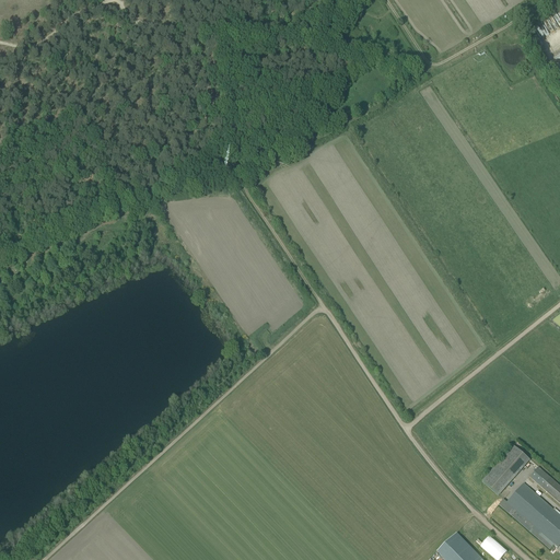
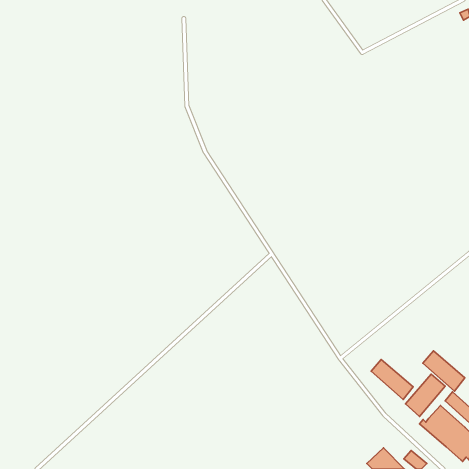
building: none -> [423,351,465,391]
building: none -> [371,359,413,399]

